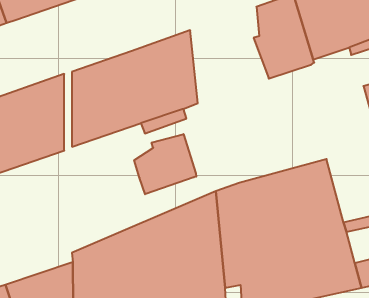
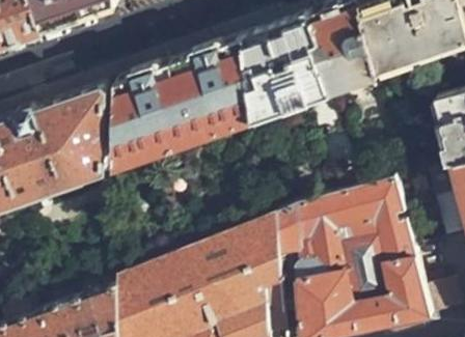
building: none -> [244,12,330,118]
building: [134,134,196,194] -> none

